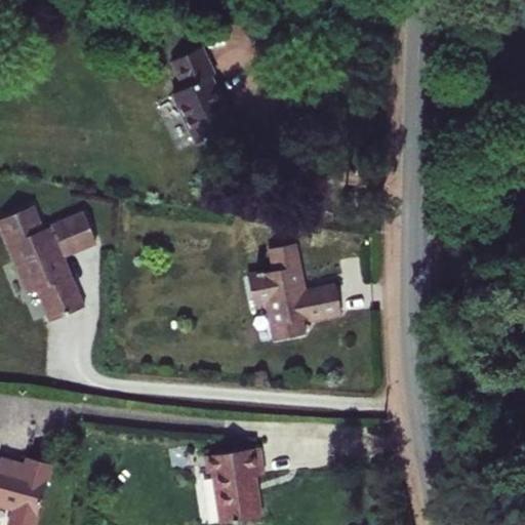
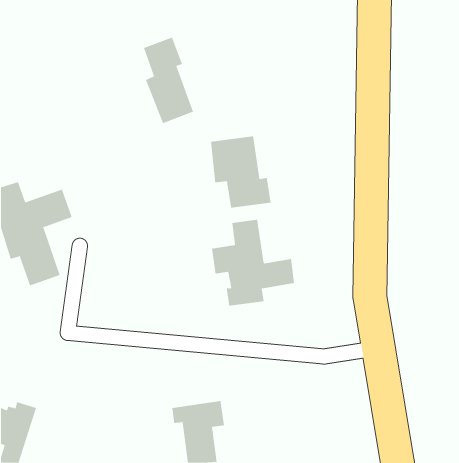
building: none -> [210,135,271,209]

